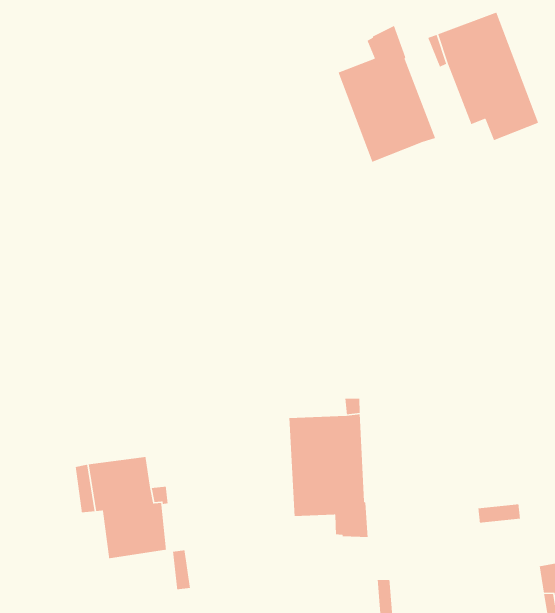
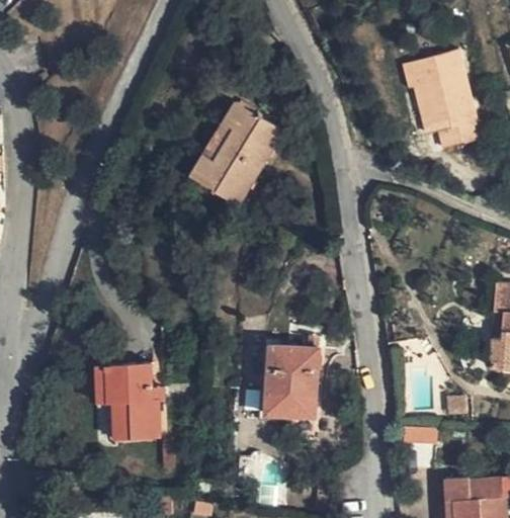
building: [338,25,436,163] -> none
building: none -> [191,103,283,205]

